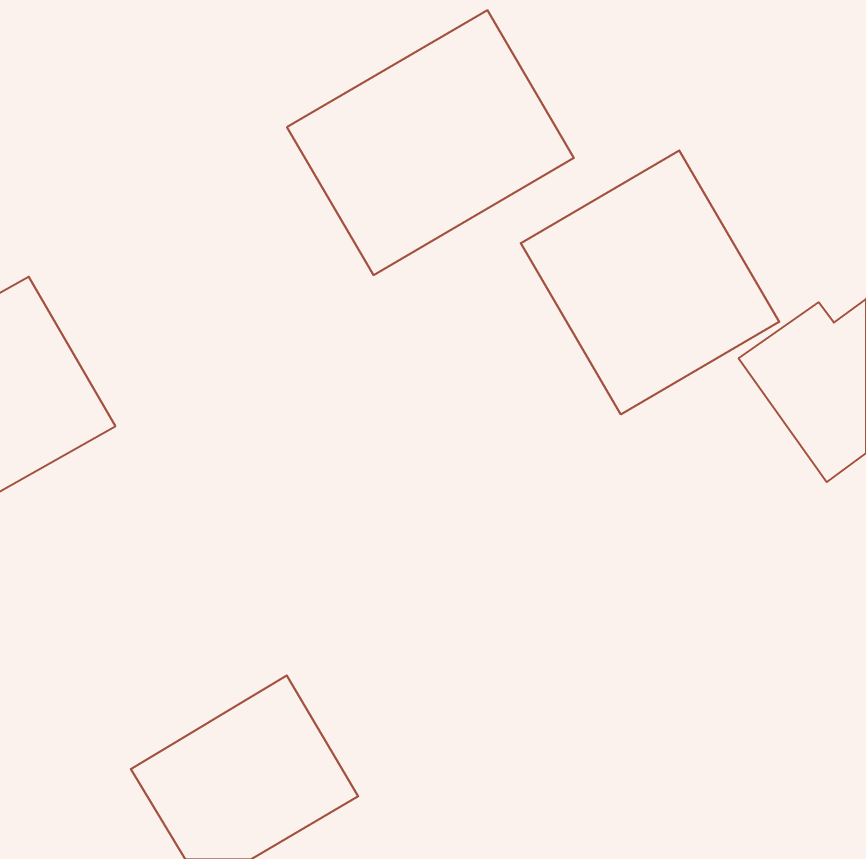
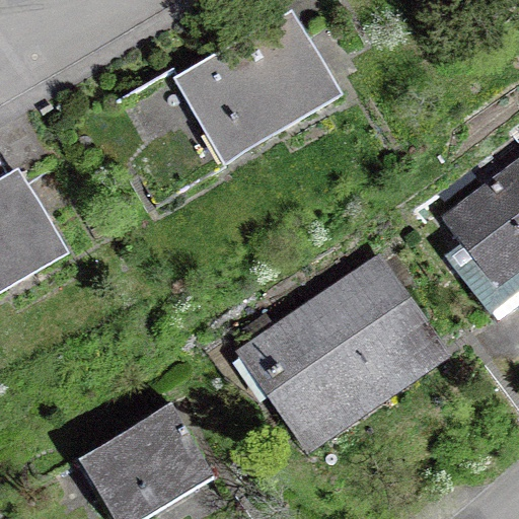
building: [521,150,779,414] -> none
building: none -> [250,266,429,430]

